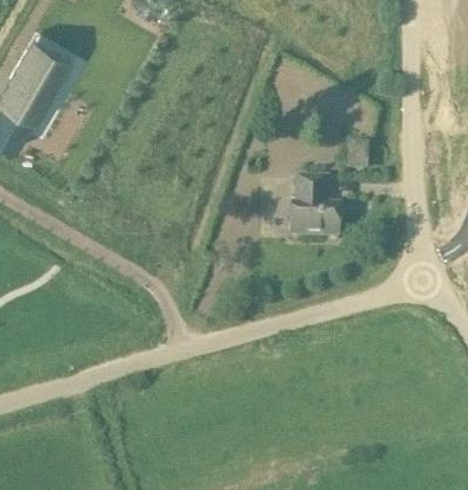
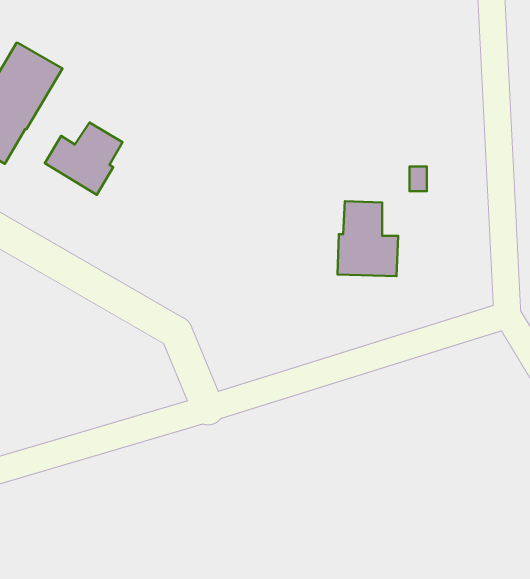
building: none -> [45,123,123,195]

